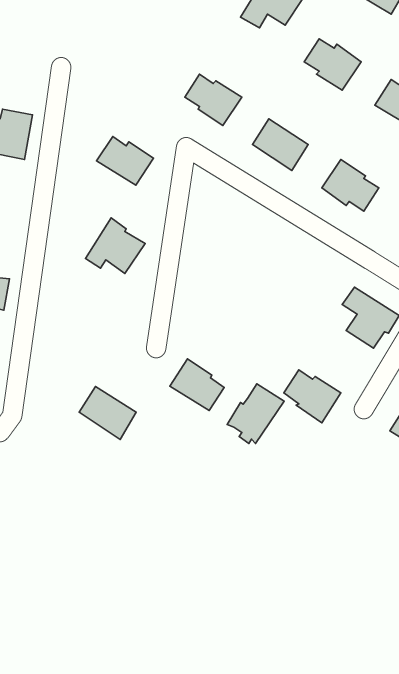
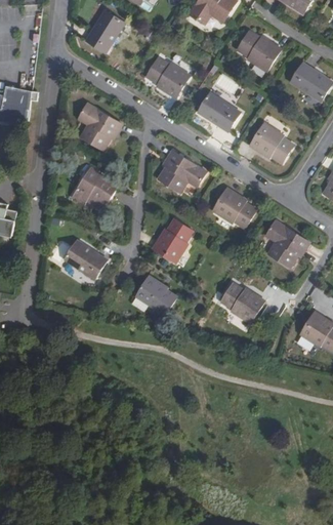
building: none -> [88,13,127,55]
building: none -> [157,149,205,191]
building: none -> [204,187,245,232]
building: [227,384,284,443] -> [151,217,194,262]
building: [79,386,136,439] -> [64,241,107,281]

